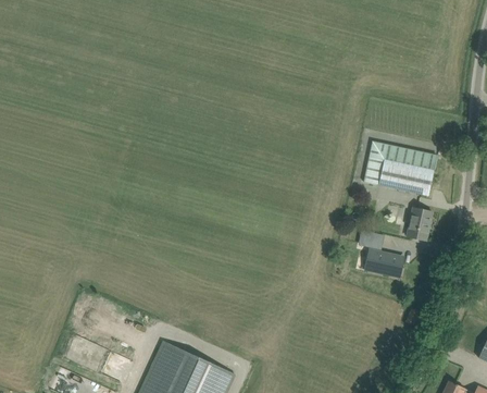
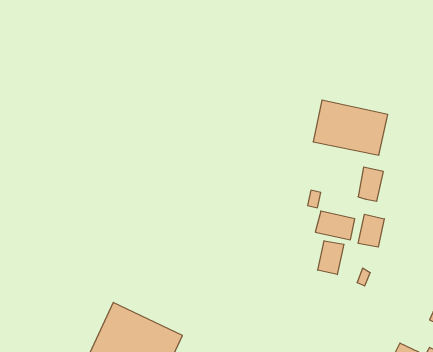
building: none -> [358,214,384,247]
building: none -> [318,241,344,275]

